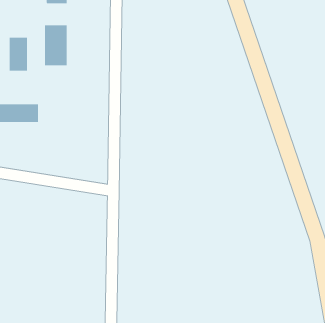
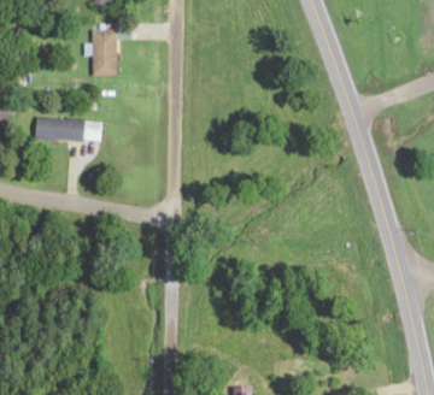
building: [9,37,28,71] -> none

